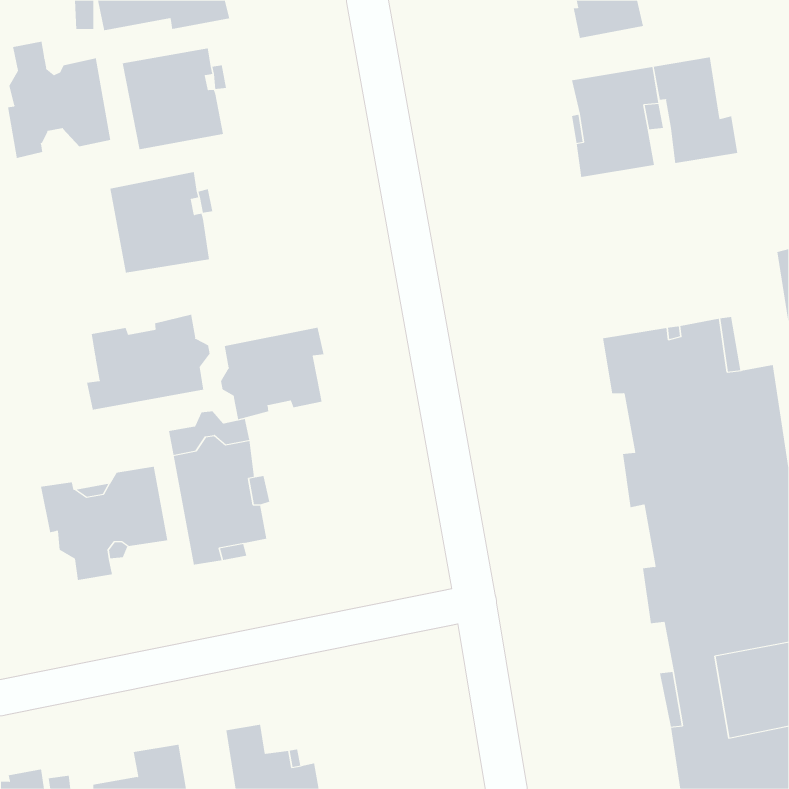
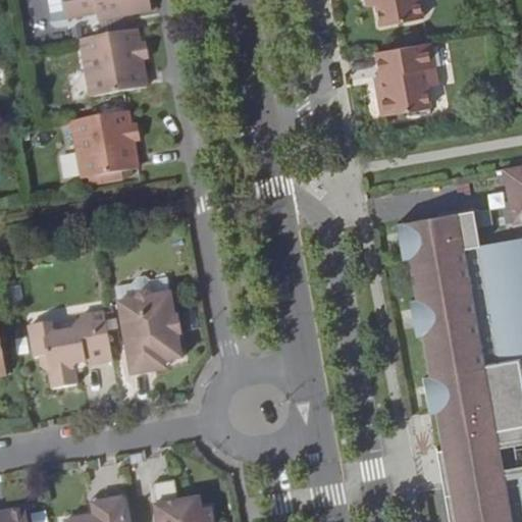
building: [8,41,111,159] -> none
building: [653,57,738,164] -> none
building: [86,314,210,411] -> none
building: [220,327,324,420] -> none

